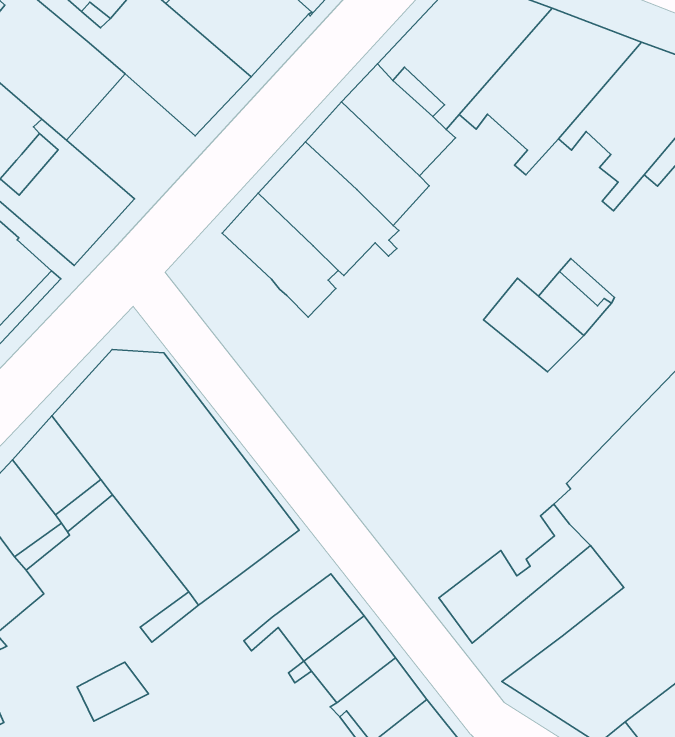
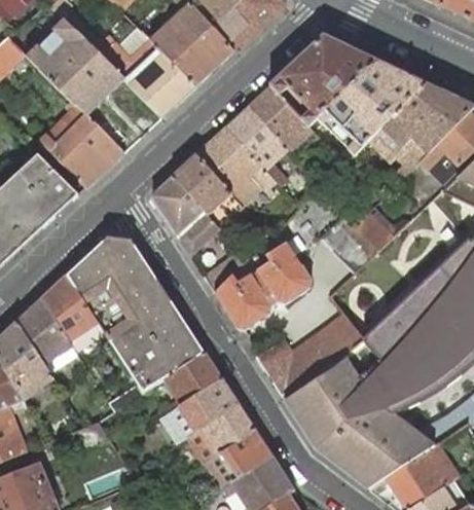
building: none -> [151,175,219,254]
building: none -> [214,243,312,328]
building: none -> [256,313,364,396]
building: none -> [168,351,221,400]
building: none -> [300,372,391,447]

